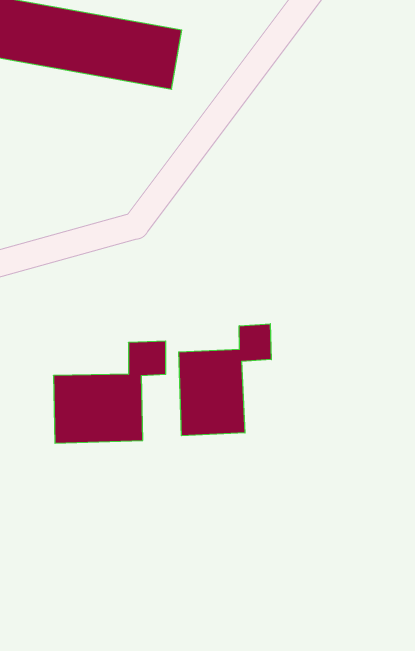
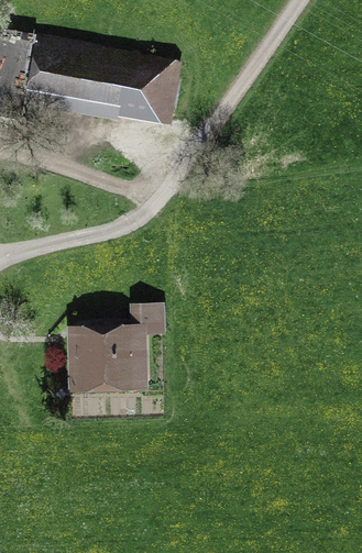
building: [179,324,271,436] -> none

